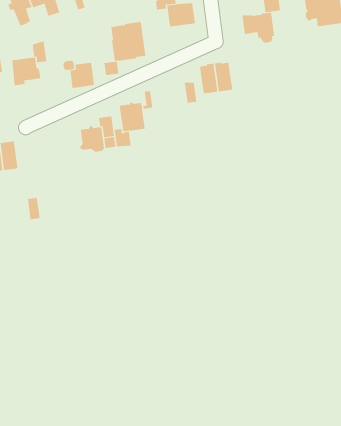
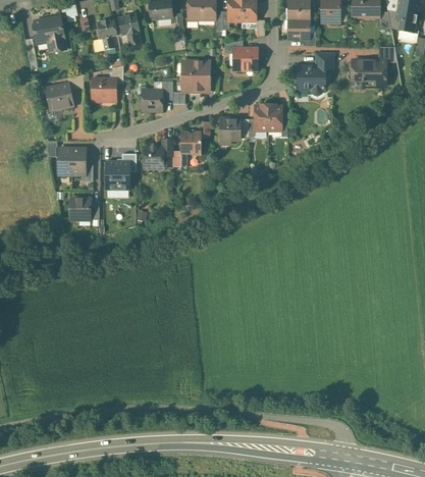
building: none -> [219,118,238,139]
building: none -> [104,161,129,192]
building: none -> [70,198,89,220]

